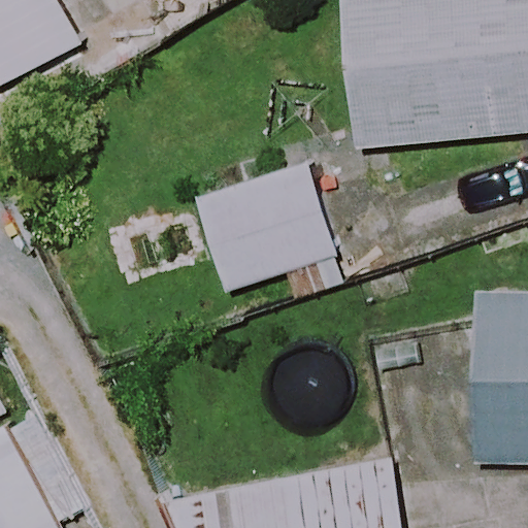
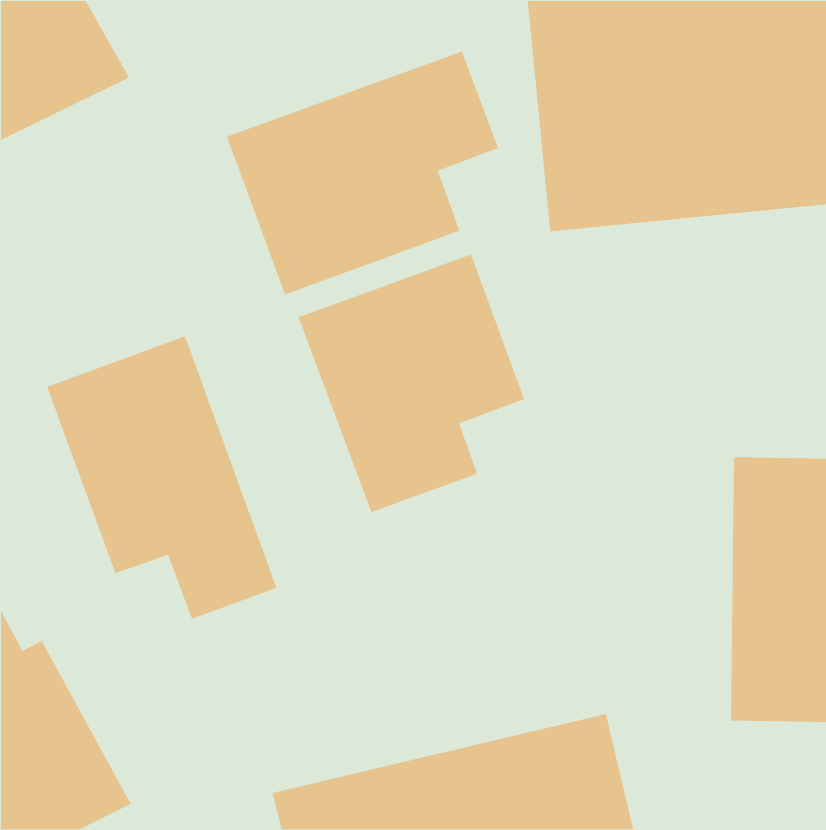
building: none -> [226,50,499,296]
building: none -> [46,335,278,620]

